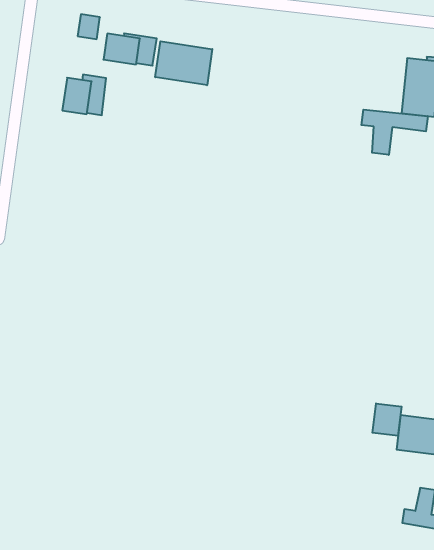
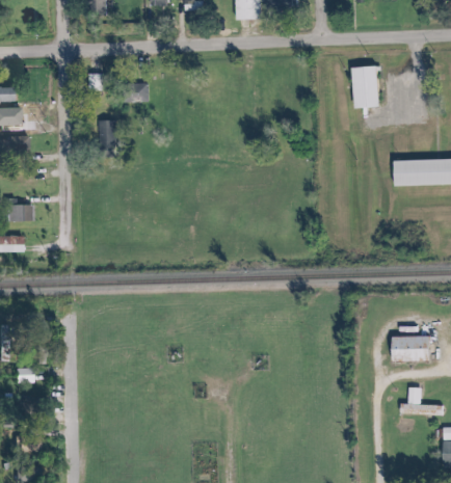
building: [155,41,212,85] -> none
building: [361,110,428,155] -> none
building: [372,403,402,436] -> none

